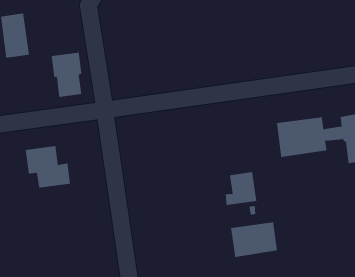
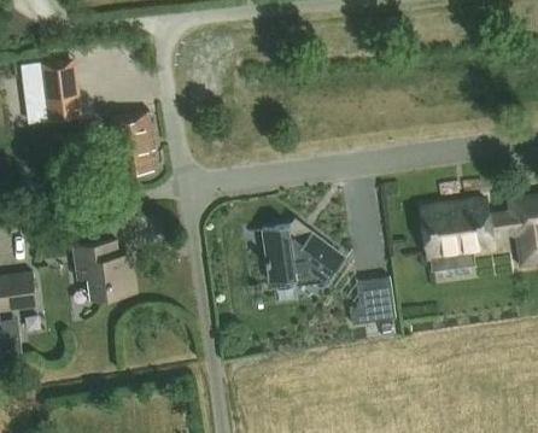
building: none -> [261,223,345,283]
building: [231,222,277,258] -> none

